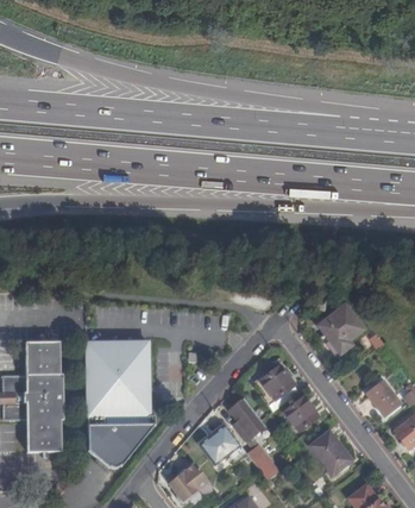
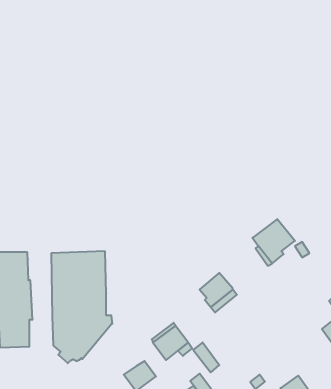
building: [363,377,401,416] -> none
building: [283,395,319,432] -> none
building: [235,409,266,445] -> none
building: [312,429,353,473] -> none

